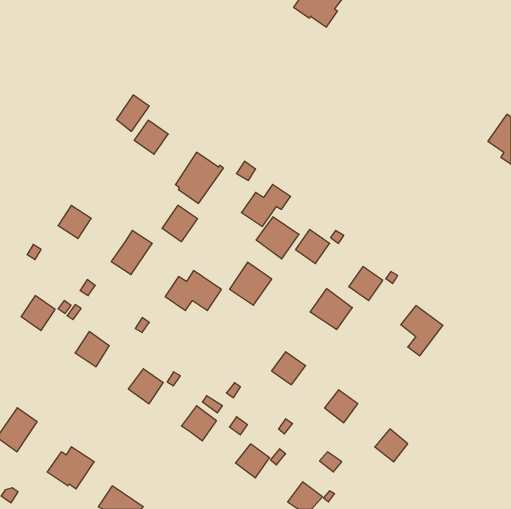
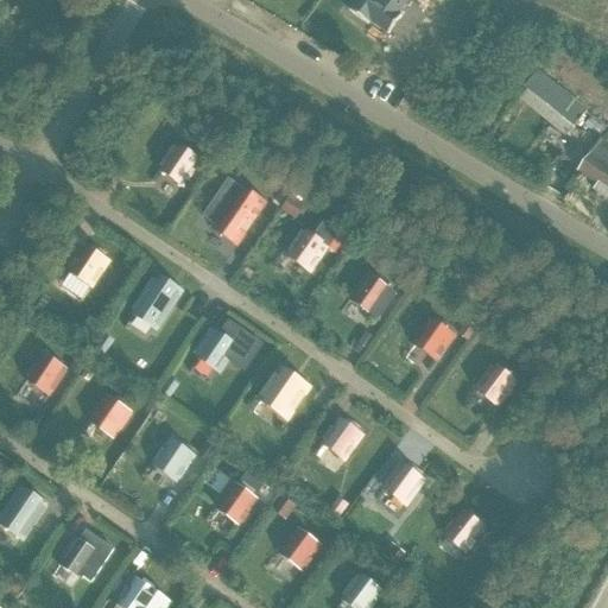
building: none -> [518,68,585,133]
building: [116,95,149,131] -> none
building: [162,205,197,242] -> none
building: [256,217,299,259] -> none
building: [230,262,272,305] -> [258,365,308,416]
building: [310,289,352,330] -> none

